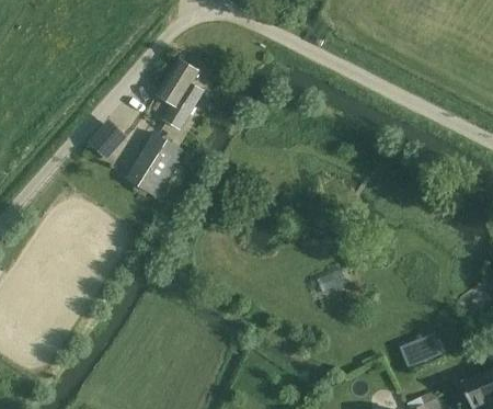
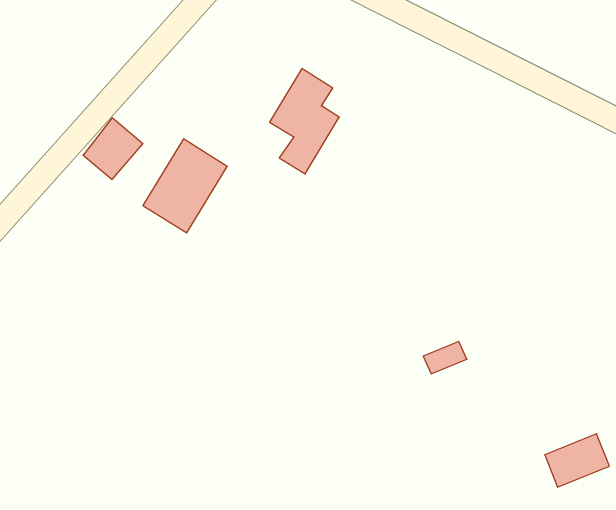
building: [156,57,203,128] -> [270,69,339,174]

